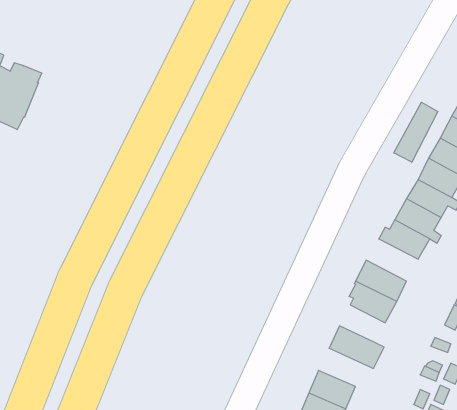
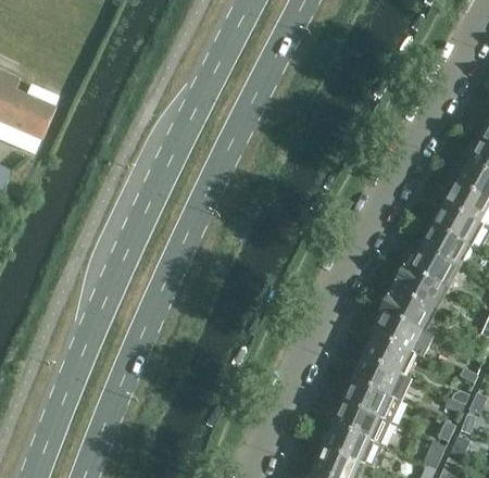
building: [394,102,438,162] -> none
building: none -> [392,265,446,309]
building: none -> [365,332,412,372]
building: none -> [343,377,400,419]

